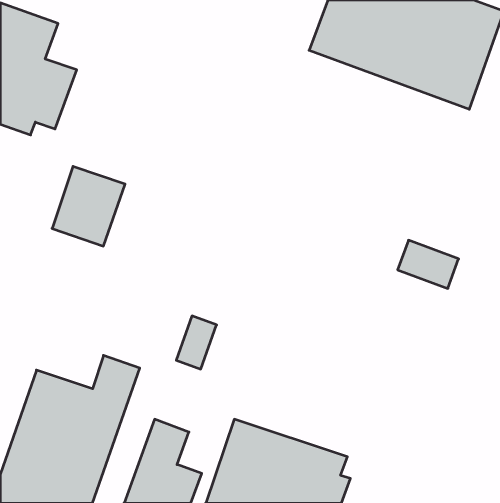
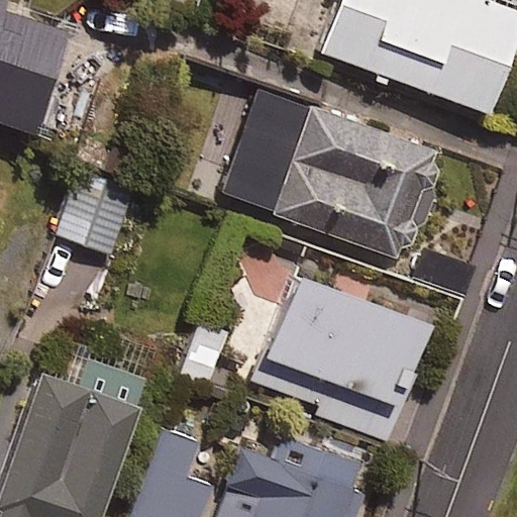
building: none -> [264,97,433,257]
building: none -> [254,278,424,438]

